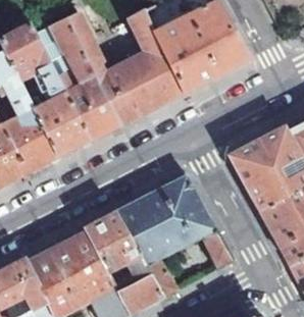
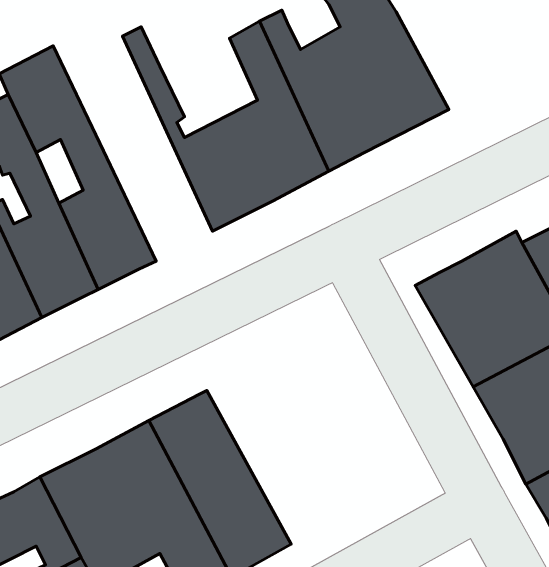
building: [53,20,118,143] -> none
building: [115,177,230,297] -> none

